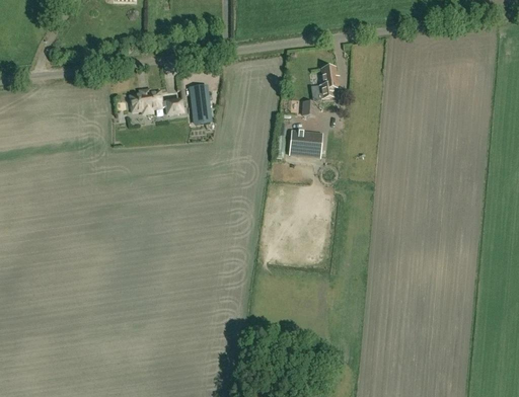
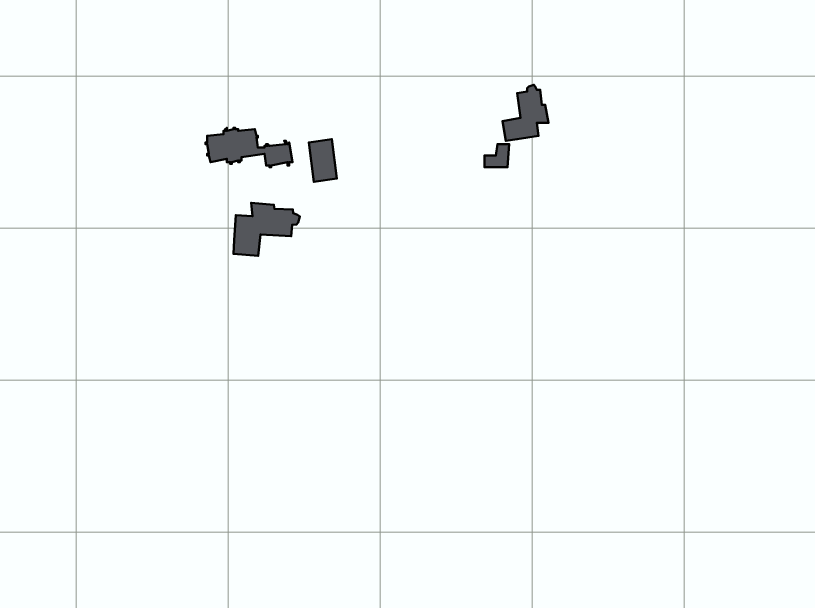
building: [289,129,321,158] -> none
building: none -> [233,203,300,256]

